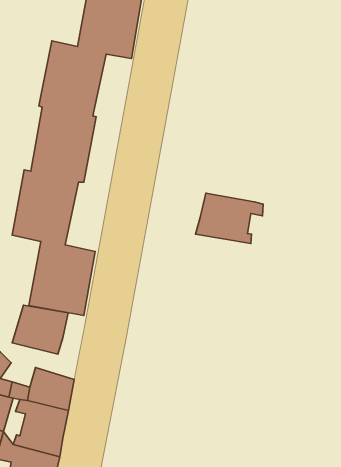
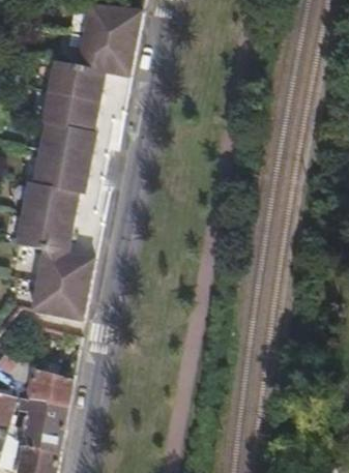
building: [196,193,263,244] -> none
building: [12,305,68,354] -> none

